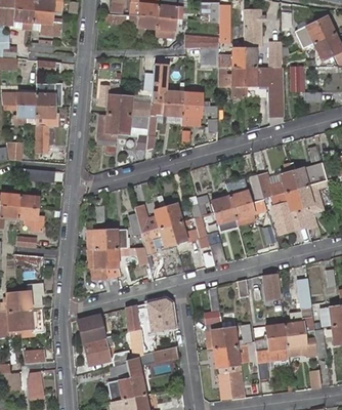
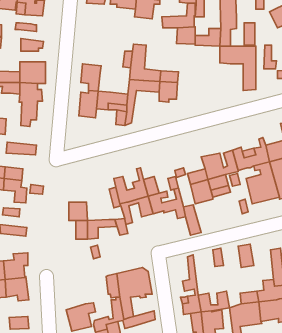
building: [219,67,245,97] -> none
building: [118,95,151,118] -> none
building: [105,230,129,250] -> none
building: [78,316,104,343] -> none

